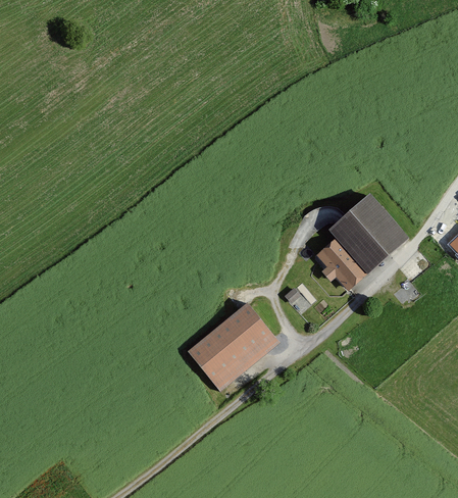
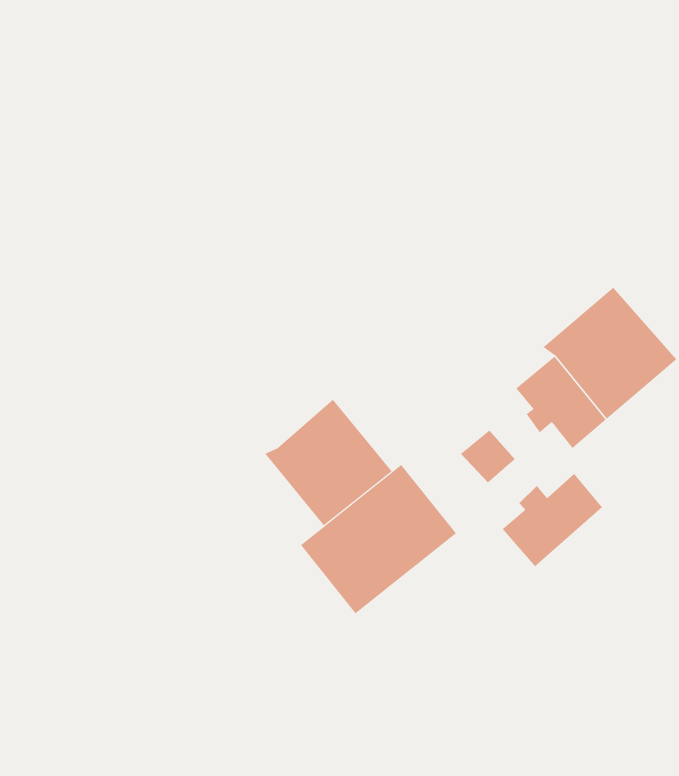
building: none -> [264,399,392,526]
building: none -> [502,473,603,567]

